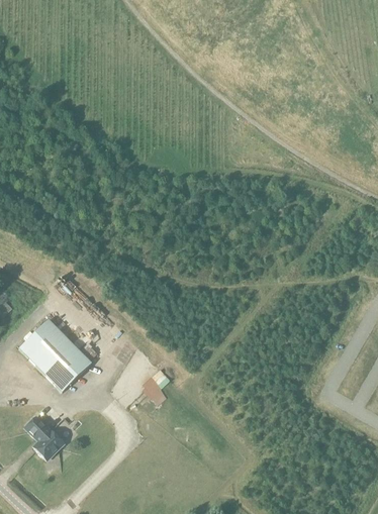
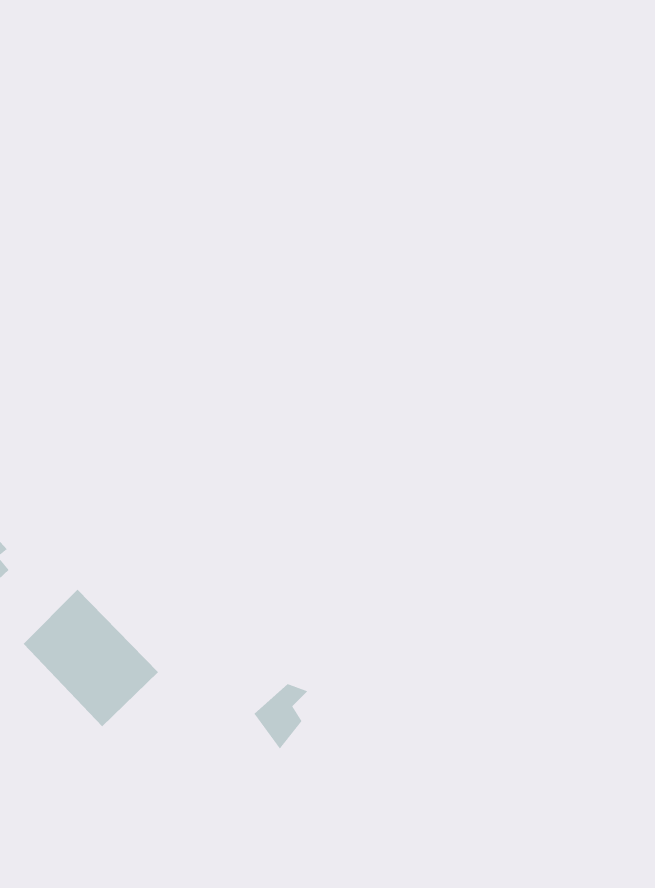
building: [24,417,63,459] -> none

